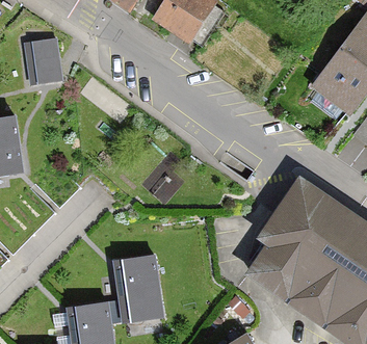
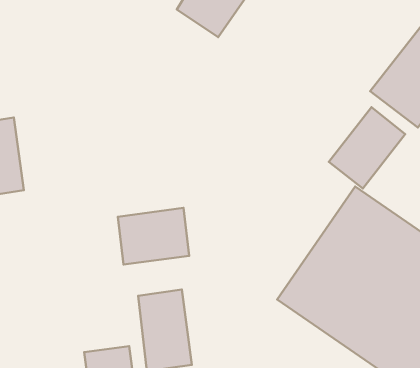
building: [32,39,64,85] -> none
building: none -> [329,107,405,188]
building: none -> [118,208,189,265]

